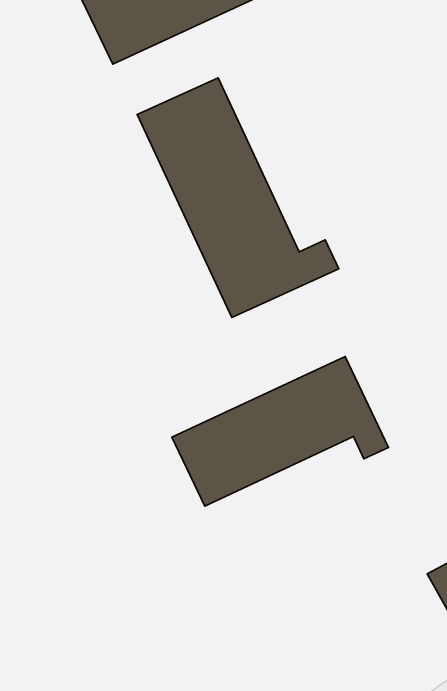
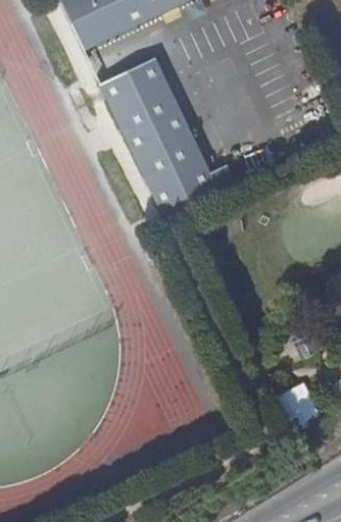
building: [172,356,389,506] -> none

